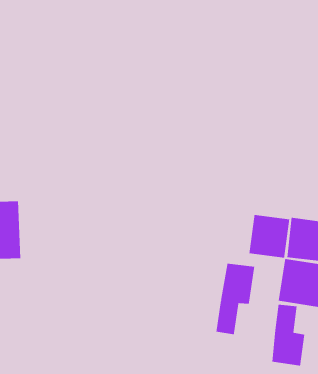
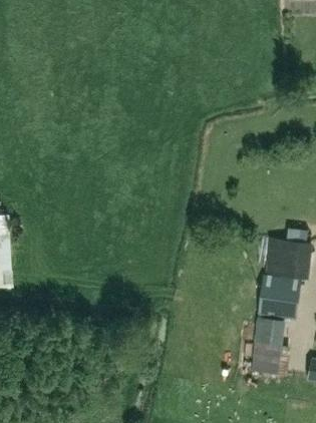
building: [249,214,290,258] -> none
building: [216,263,255,335] -> none

